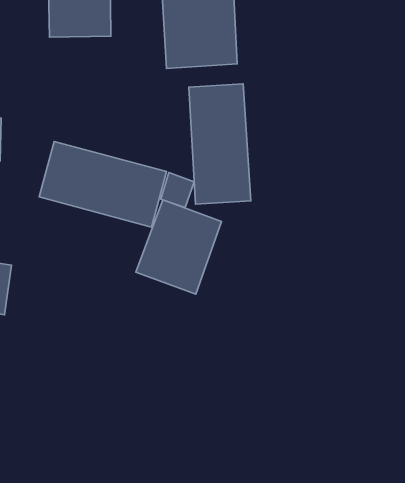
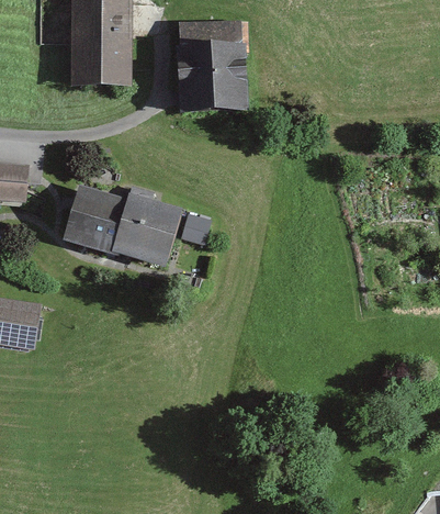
building: [189,84,251,204] -> none
building: [136,200,222,294] -> none

